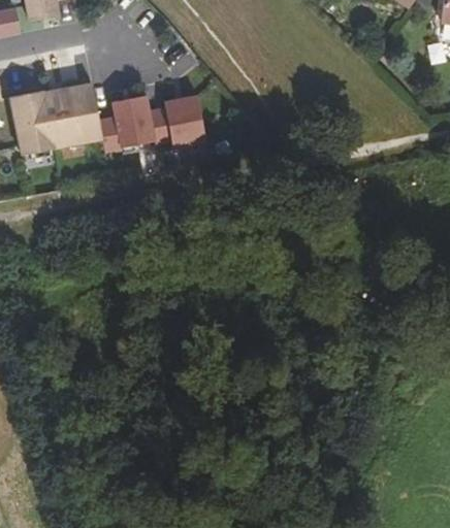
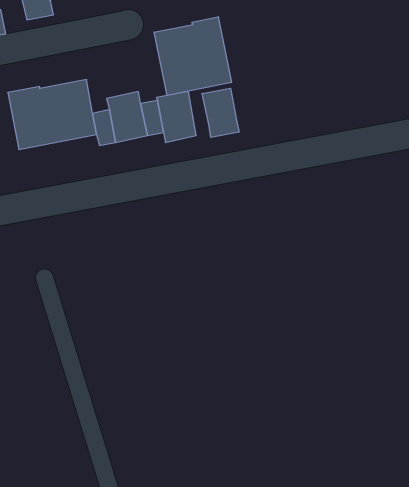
building: none -> [154,17,231,95]
building: none -> [202,88,239,137]

